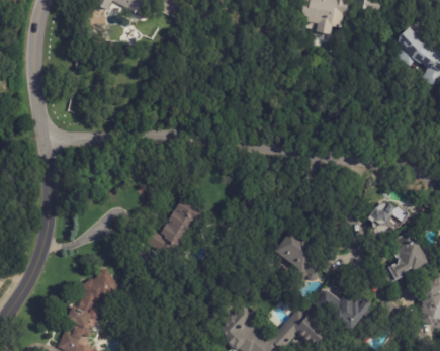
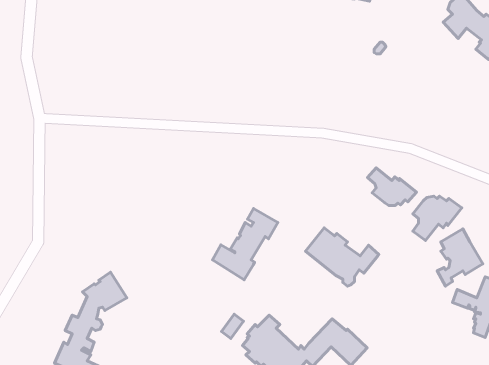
building: none -> [367,168,417,206]
building: [146,197,202,259] -> [213,209,278,280]
building: [316,289,374,332] -> none

